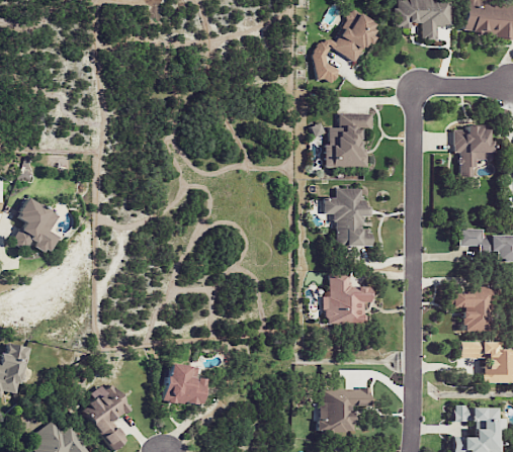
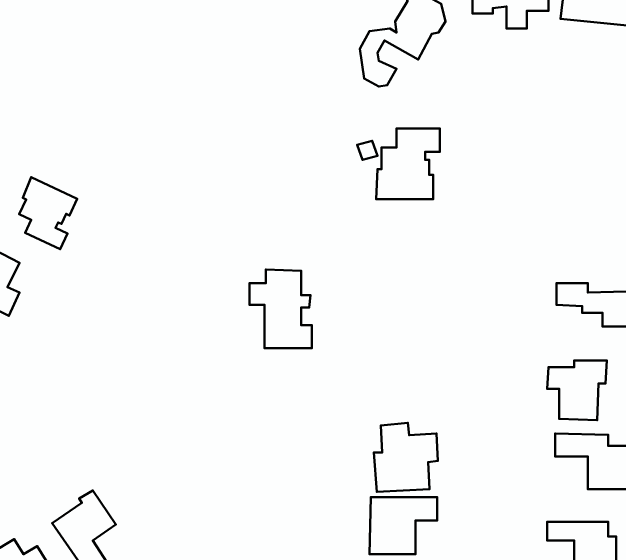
building: [454,126,493,175] -> none
building: none -> [19,177,77,249]
building: [325,187,371,246] -> [250,270,312,348]
building: [325,273,372,325] -> [374,423,438,492]
building: [165,363,204,404] -> none

